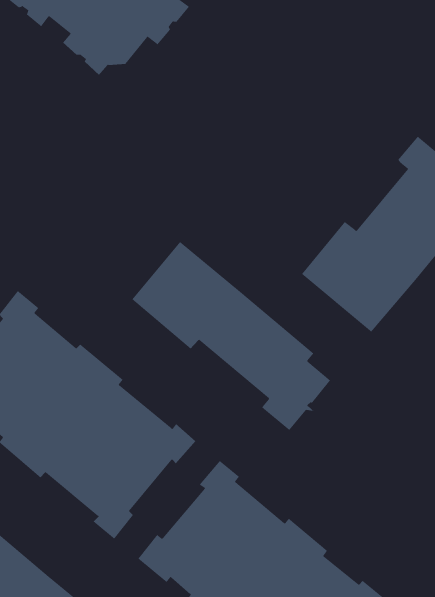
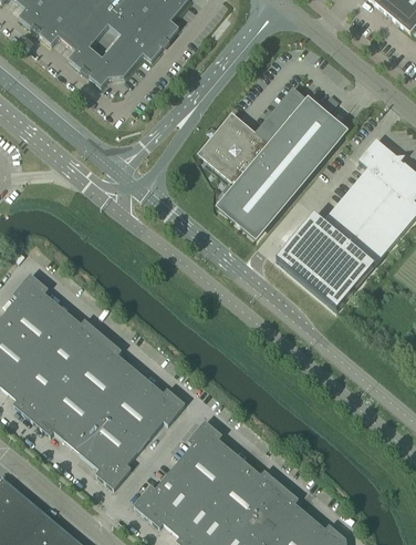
building: none -> [200,90,345,237]
building: [131,241,331,431] -> none

